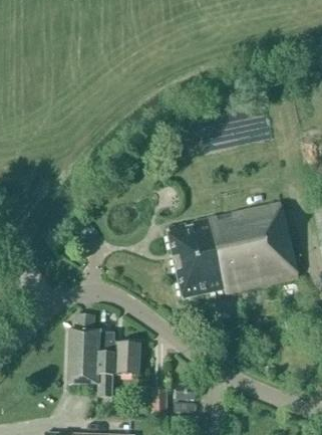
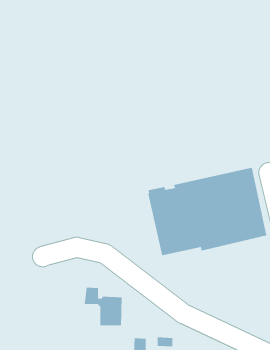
building: [67,315,113,397] -> none

